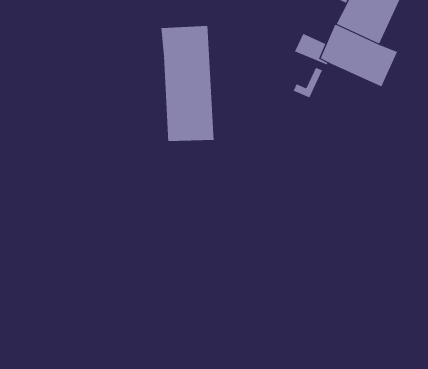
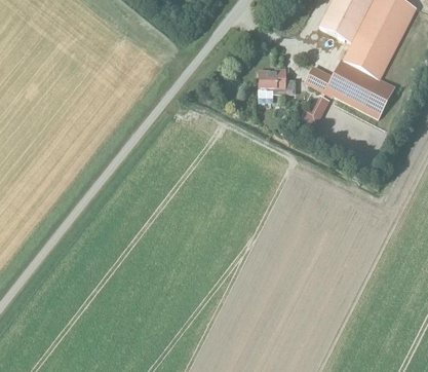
building: [161,25,214,142] -> none
building: none -> [259,67,285,96]

